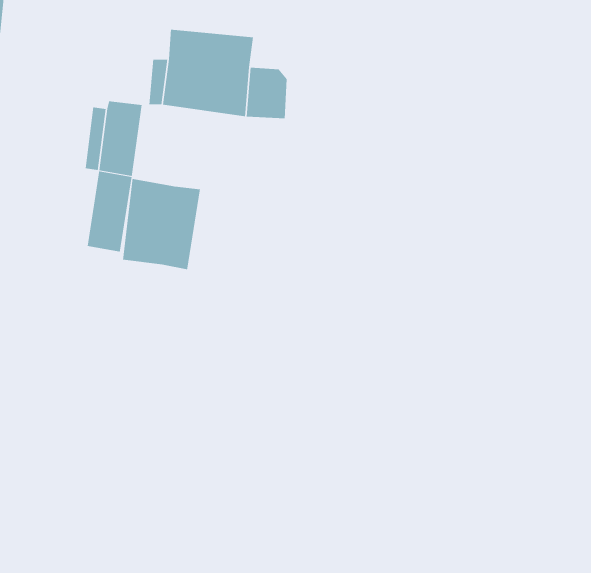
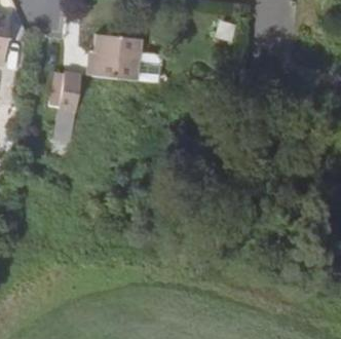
building: [122,178,201,270] -> none

